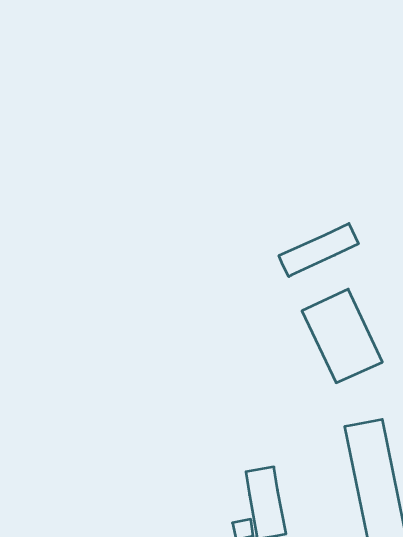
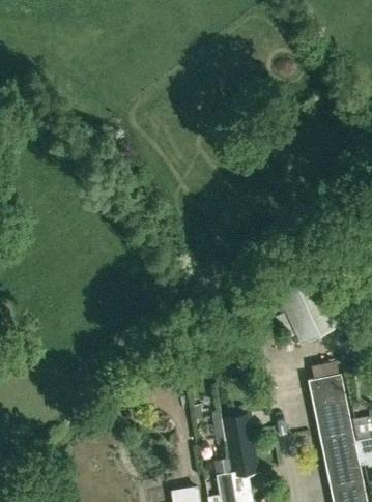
building: [279,223,358,277] -> none

